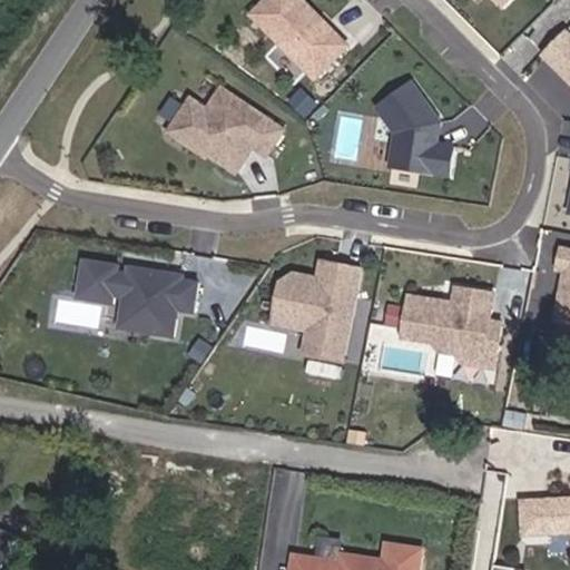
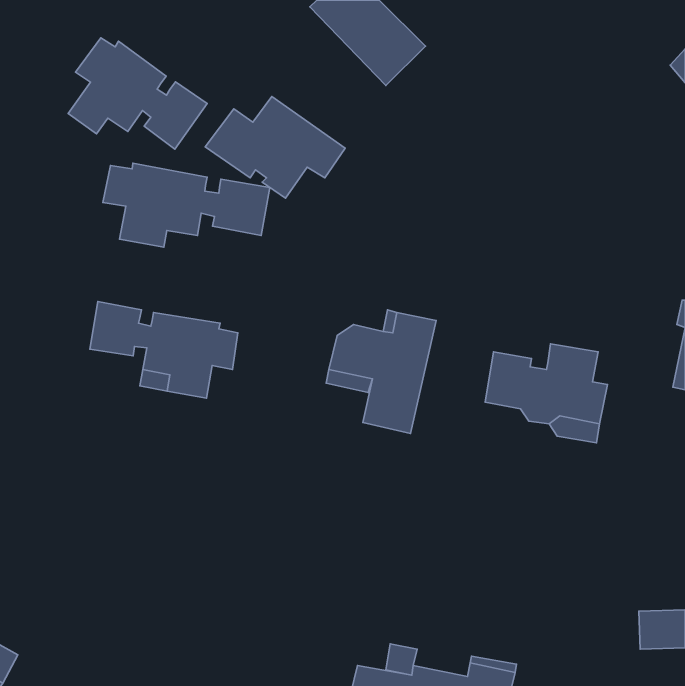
building: none -> [68,38,207,149]
building: [376,82,453,178] -> none
building: none -> [103,163,270,247]

